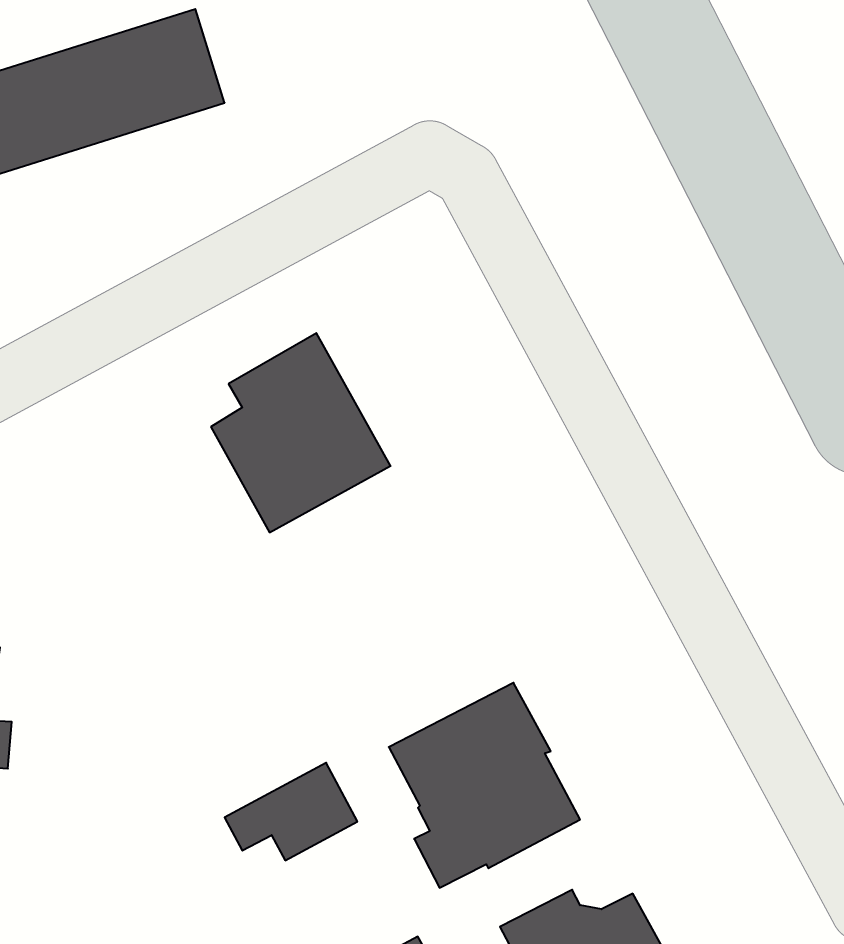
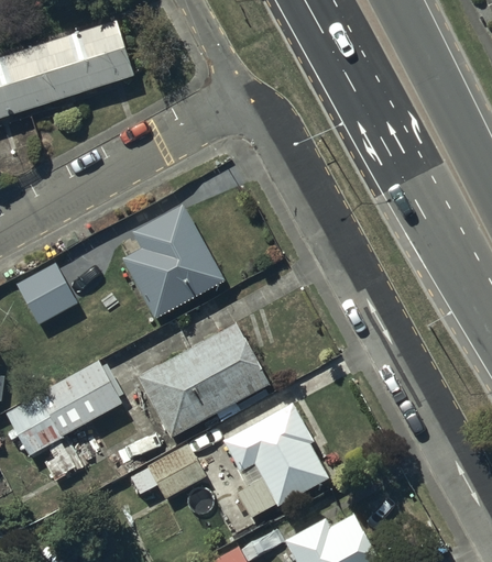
building: none -> [15,261,77,324]
building: none -> [142,327,269,434]
building: none -> [8,363,123,483]

